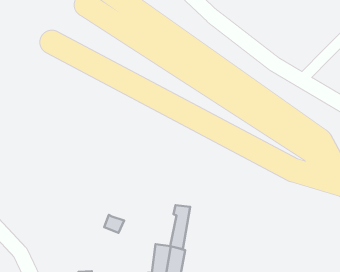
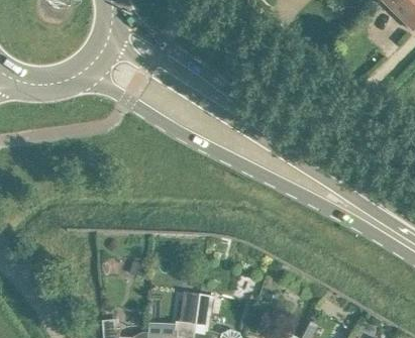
building: [170,205,190,249] -> none

